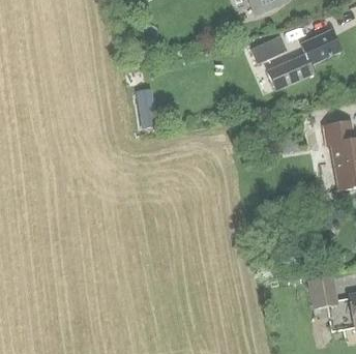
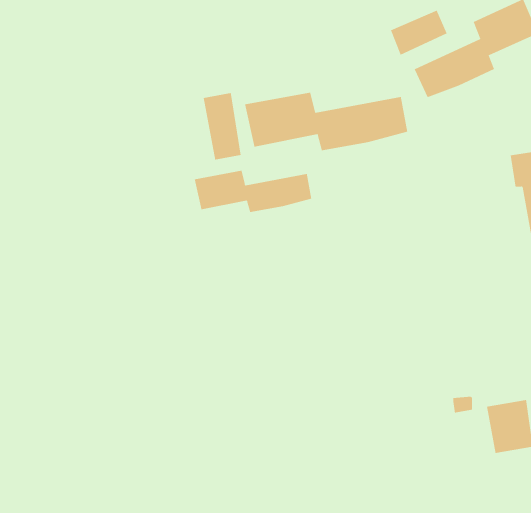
building: none -> [244,92,408,151]
building: none -> [194,170,312,213]

